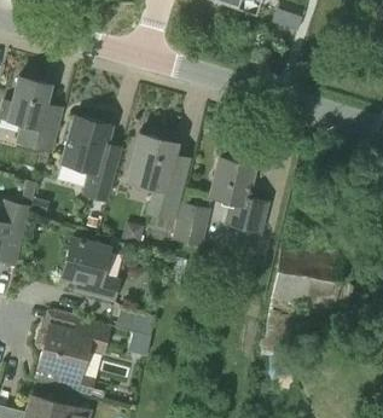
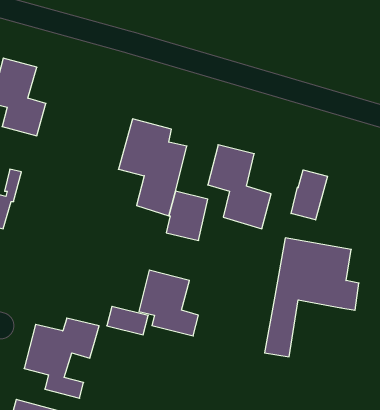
building: [62,115,112,199] -> none
building: none -> [291,170,328,220]
building: [63,238,118,300] -> [139,270,198,336]

